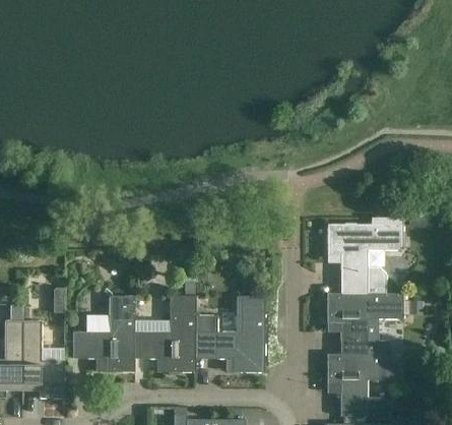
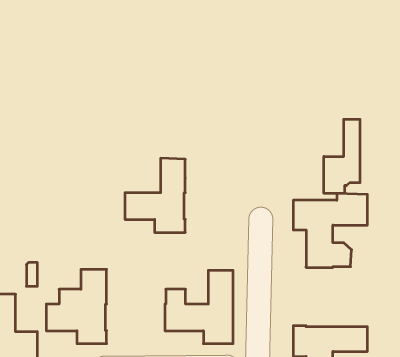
building: none -> [324,119,360,193]
building: [326,293,402,355] -> none
building: [133,296,195,372] -> [125,158,185,232]

